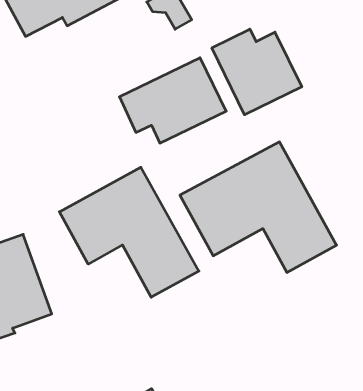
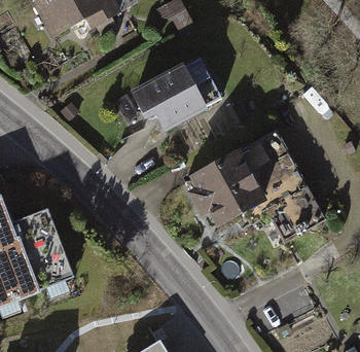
building: [212,29,302,115] -> none
building: [59,167,199,297] -> none

